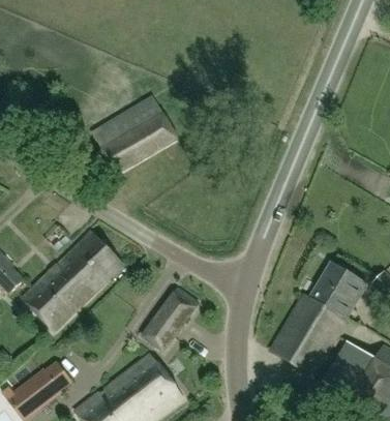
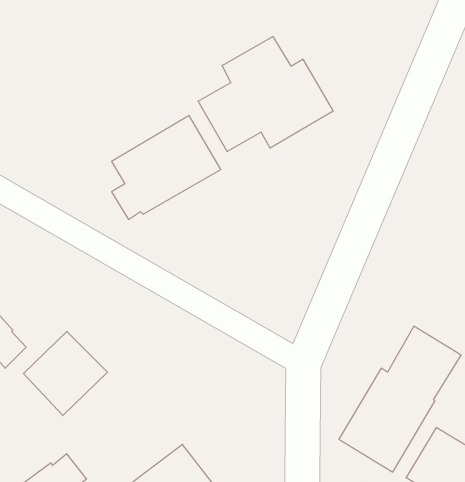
building: none -> [198,37,333,152]
building: [57,231,123,297] -> none
building: [144,287,199,350] -> none

